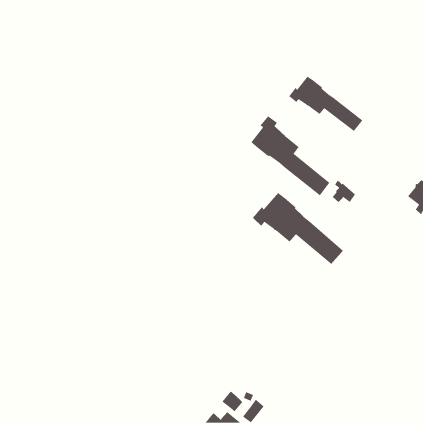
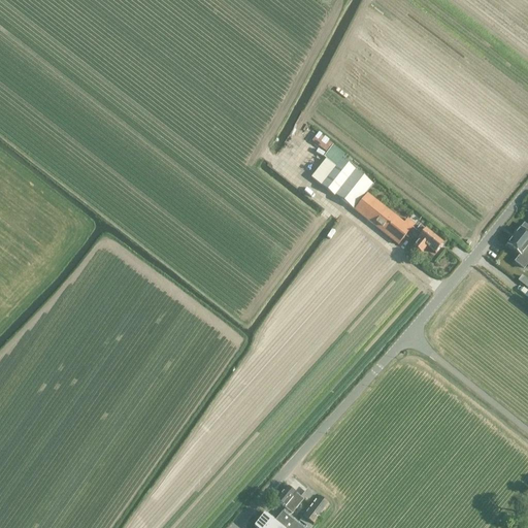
building: [289,76,363,132] -> none
building: [252,192,344,265] -> none

